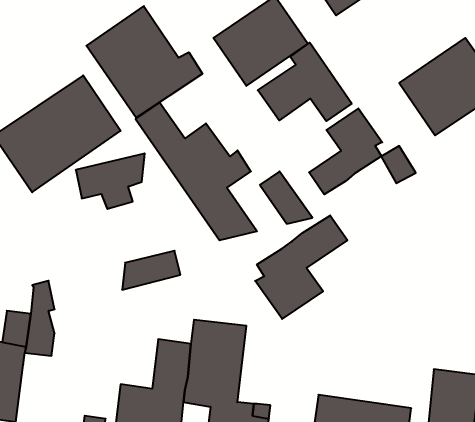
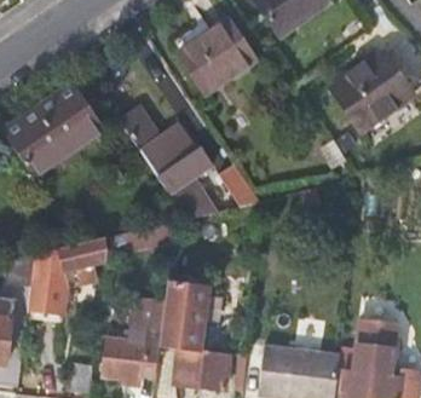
building: [86,6,202,118] -> none
building: [258,43,352,121] -> none
building: [309,108,382,194] -> none
building: [76,153,145,209] -> [48,237,104,282]
building: [255,215,347,319] -> none

